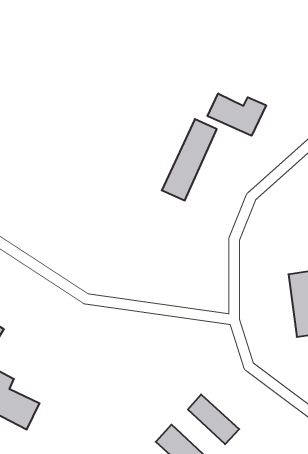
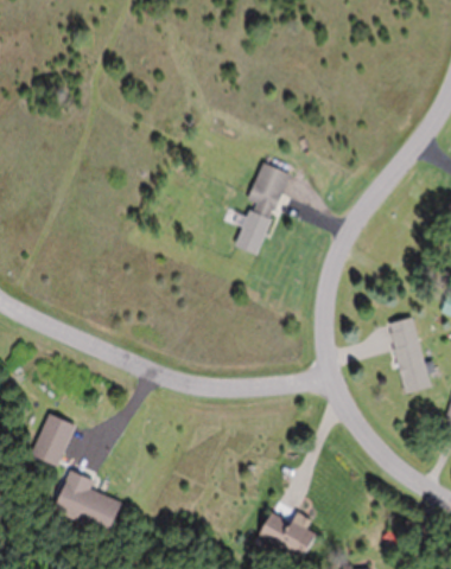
building: [207,93,266,136] -> none
building: [188,394,239,444] -> none

